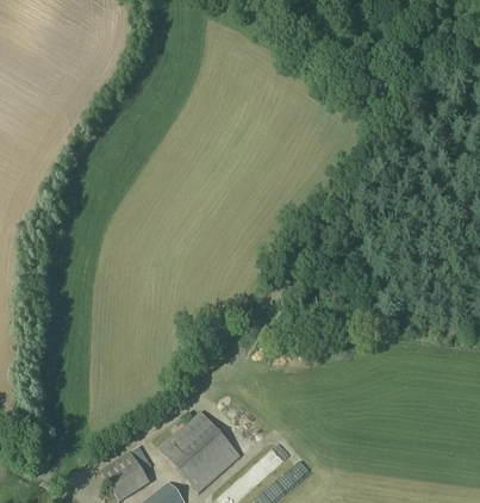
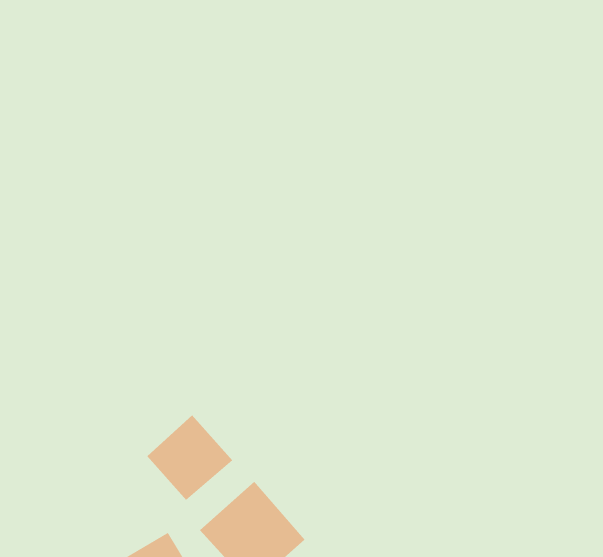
building: none -> [147,415,233,501]

